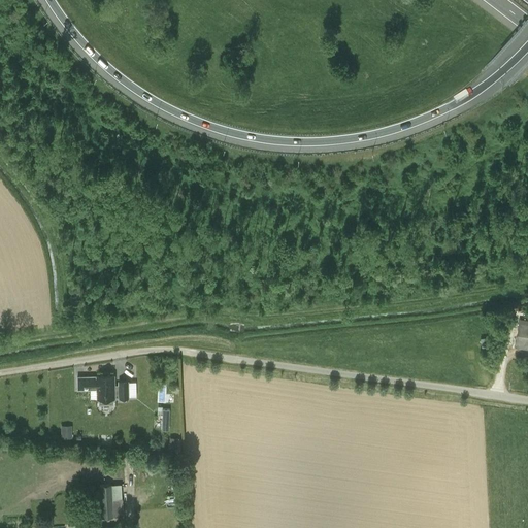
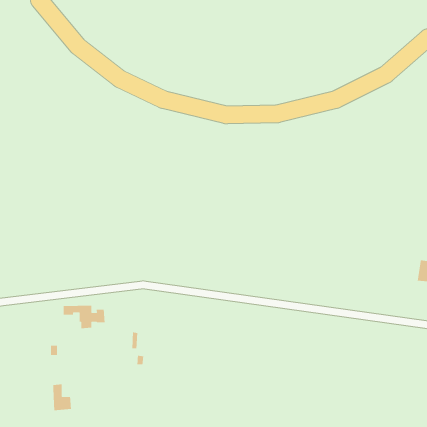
building: [101,485,125,519] -> [53,384,72,411]

